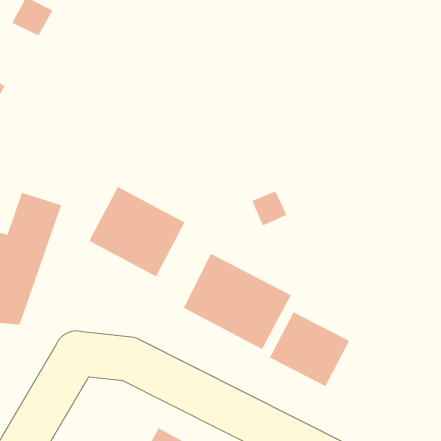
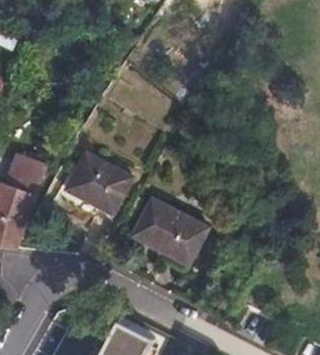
building: [269,311,350,387] -> none

